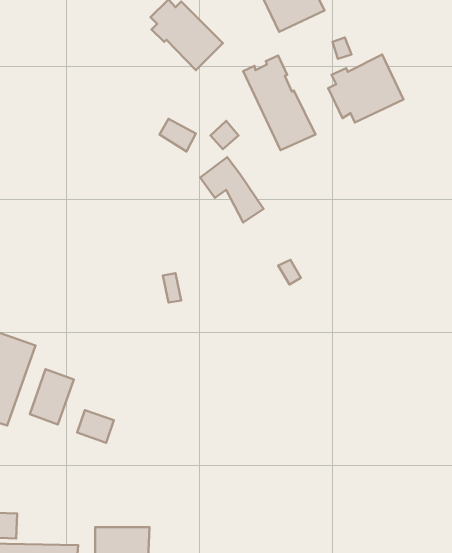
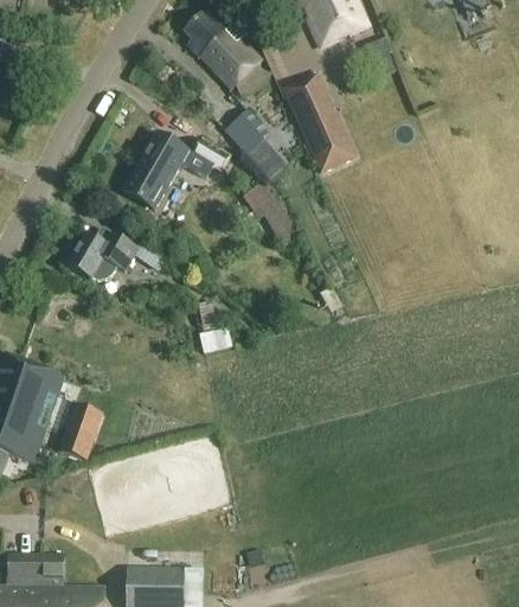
building: [328,55,403,122] -> none
building: none -> [226,110,270,155]
building: none -> [122,133,188,210]
building: none -> [68,229,139,281]
building: [77,410,114,443] -> none

